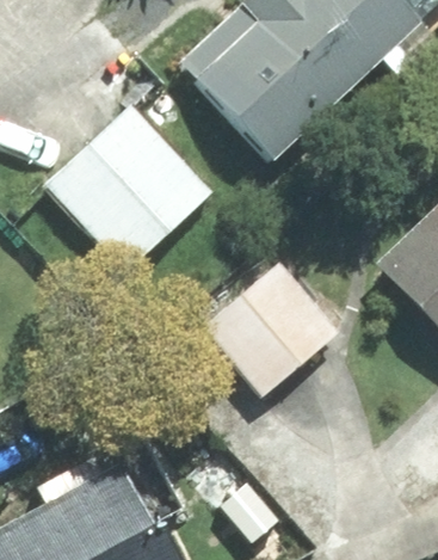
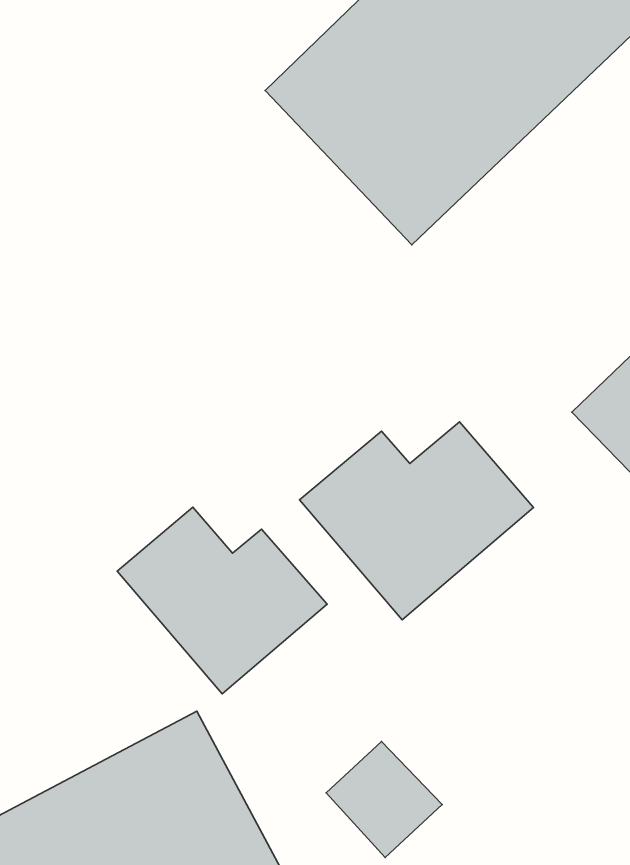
building: [48,107,209,269] -> none
building: none -> [117,507,327,694]

